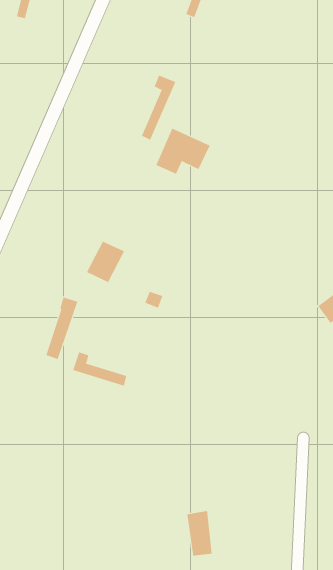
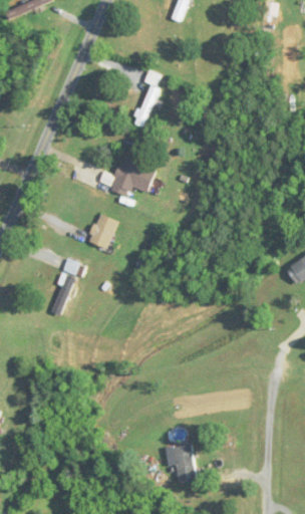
building: [155,128,210,175] -> [109,156,157,196]
building: [72,351,127,386] -> none

